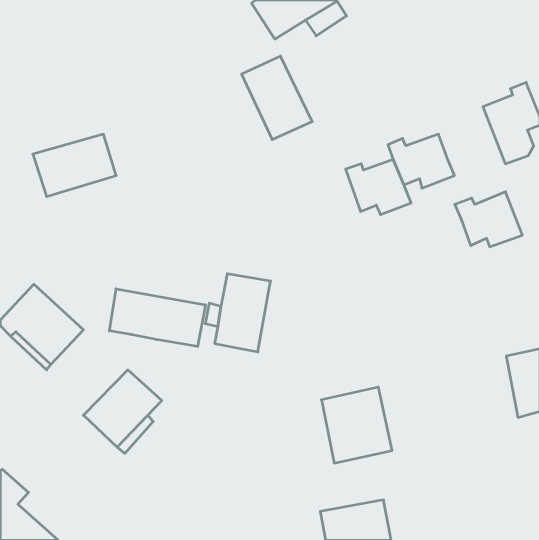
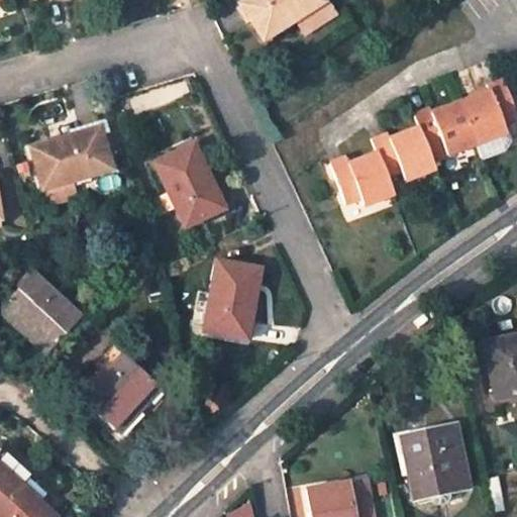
building: [242,56,312,140] -> [157,144,224,224]
building: [455,192,522,247] -> [414,102,479,154]
building: [109,289,205,347] -> none
building: [321,387,392,463] -> [402,425,470,498]

